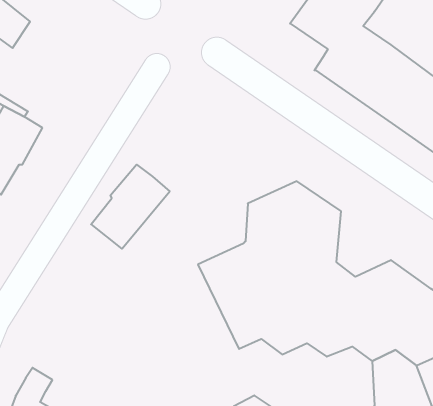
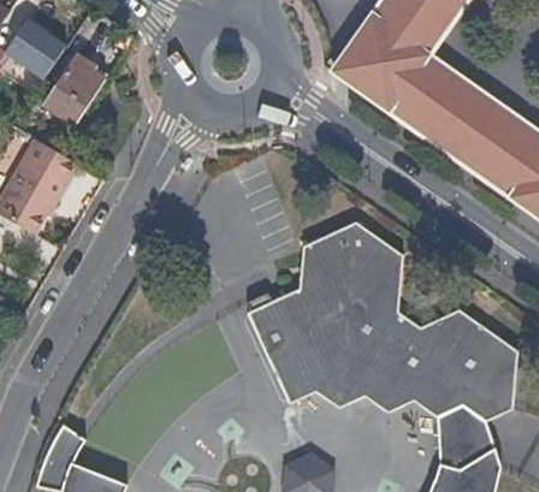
building: none -> [331,51,387,101]
building: none -> [43,53,109,126]
building: [91,165,170,249] -> none

